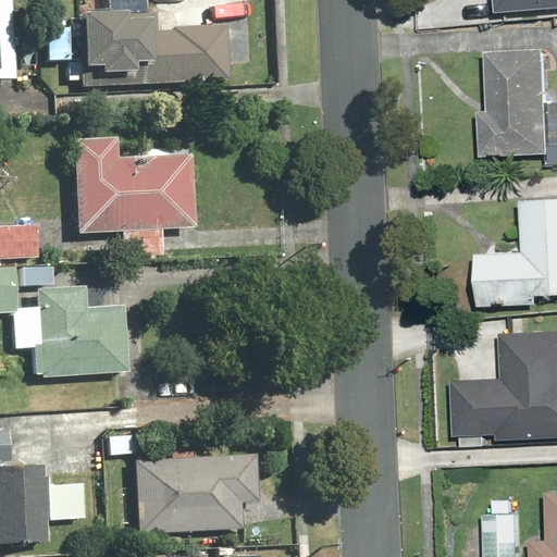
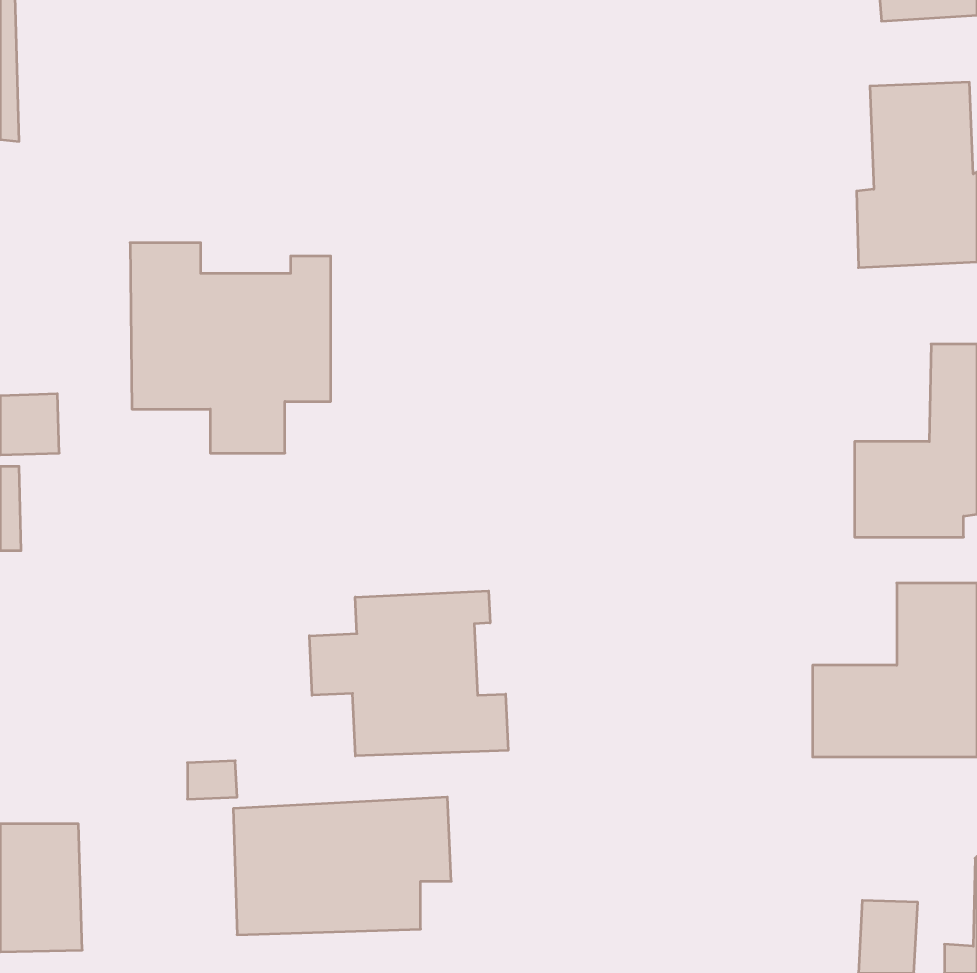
building: [81,10,226,83] -> none
building: [13,282,123,379] -> none
building: none -> [309,591,508,756]

